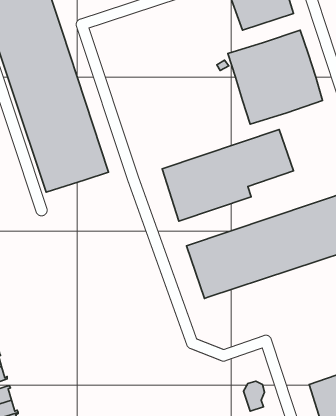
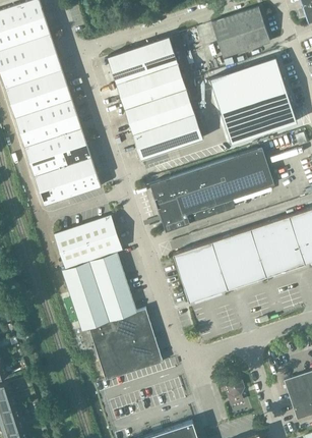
building: none -> [108,38,202,159]
building: none -> [54,216,163,381]

